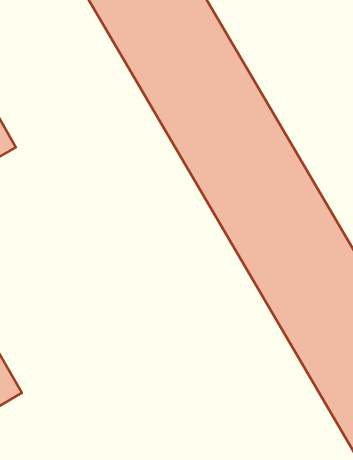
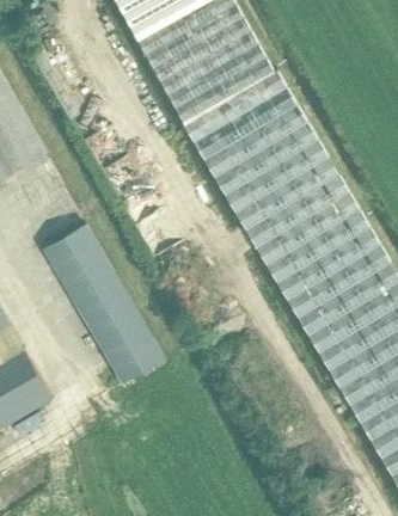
building: none -> [43,225,163,383]

